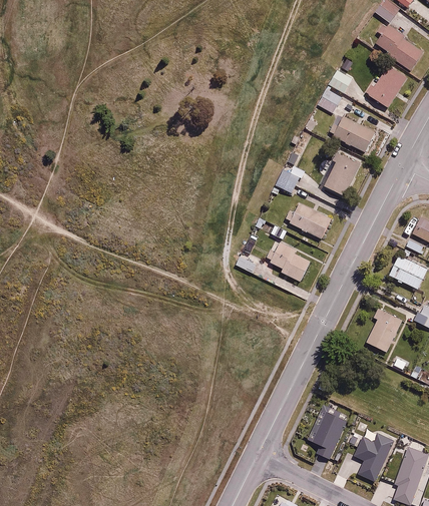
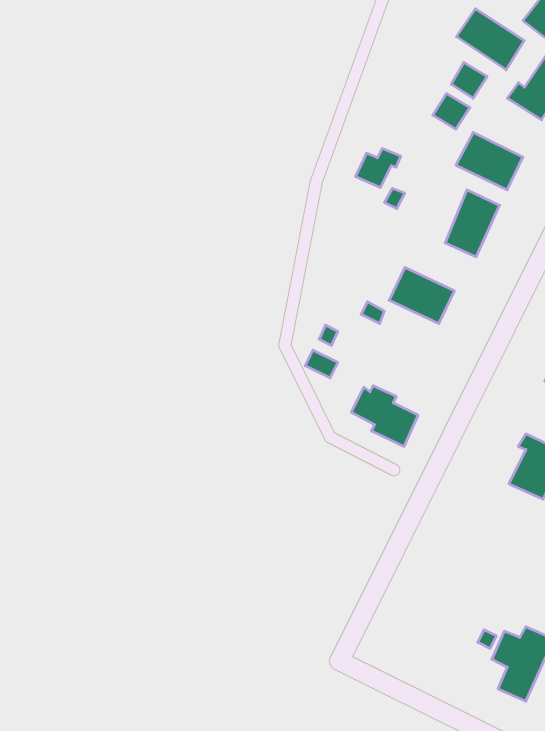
building: none -> [456,9,524,70]
building: [276,166,305,191] -> [356,149,401,187]
building: [267,241,310,281] -> [351,386,418,446]
building: [310,411,345,458] -> none

